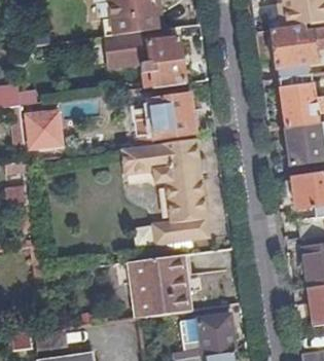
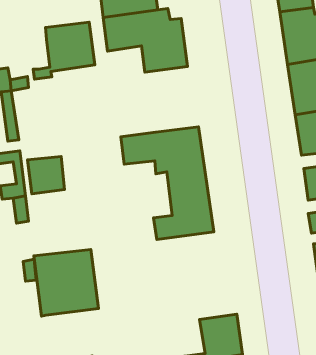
building: [137,92,194,145] -> [33,22,95,79]
building: [26,112,61,147] -> [27,156,65,194]
building: [128,255,188,318] -> [34,249,98,316]

